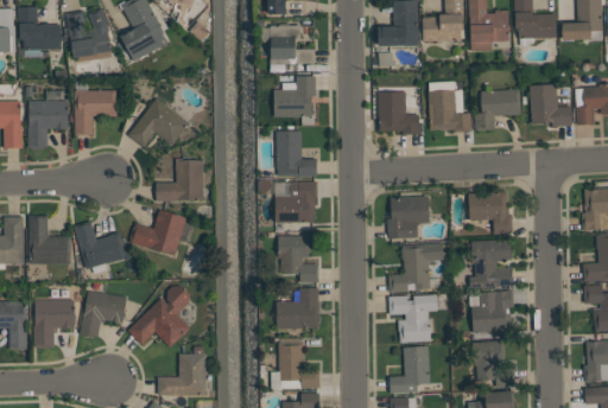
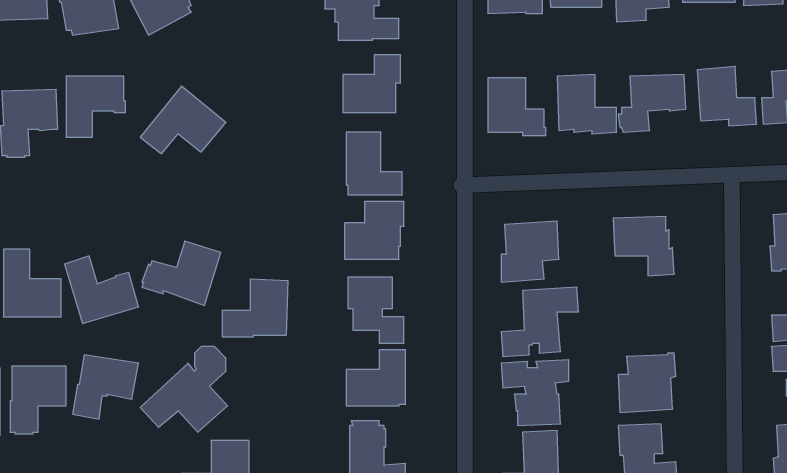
building: [157,160,204,202] -> [222,279,288,337]
building: [470,240,513,287] -> none

